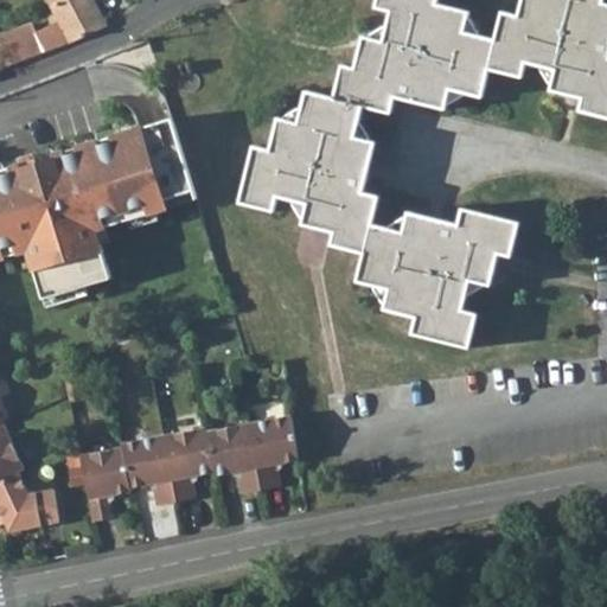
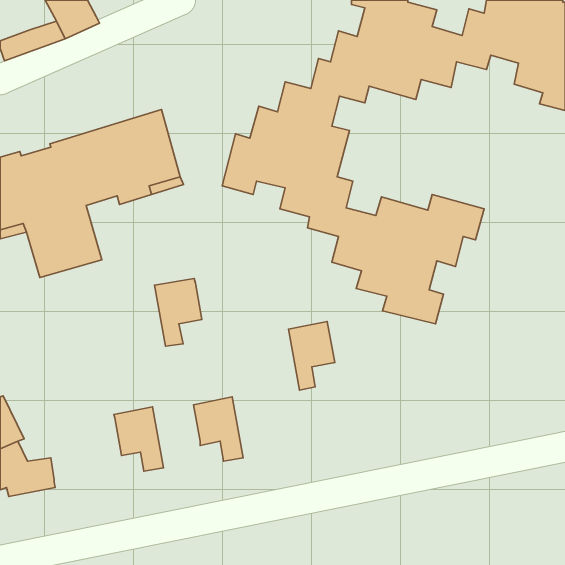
building: [249,417,299,491] -> [289,321,335,390]
building: [164,429,215,501] -> [154,279,202,346]
building: [81,448,132,522] -> none

